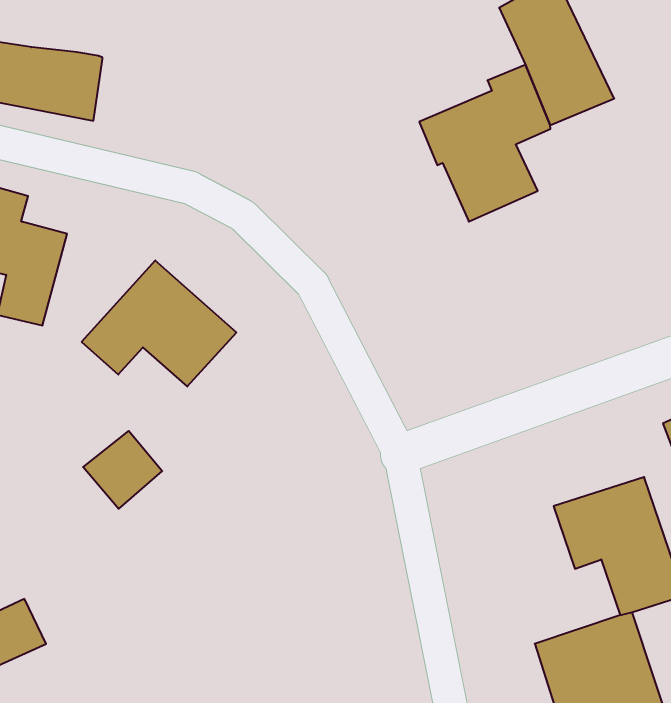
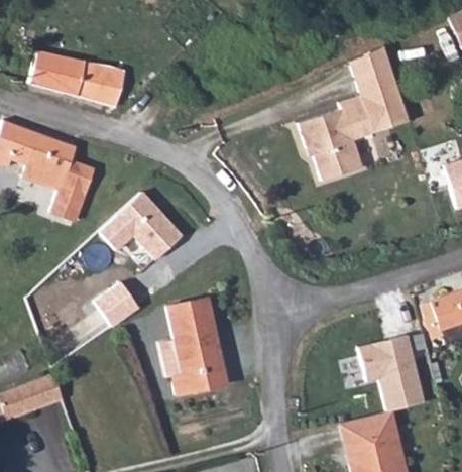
building: none -> [167,298,227,395]

